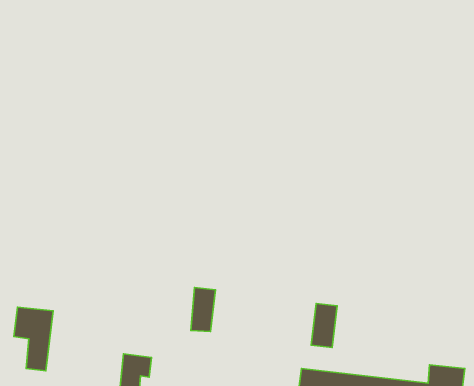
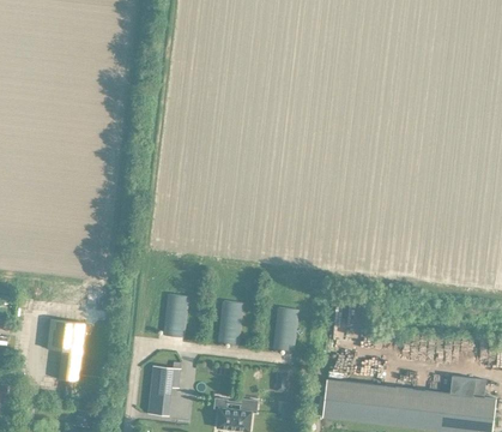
building: none -> [163,294,187,337]
building: [311,303,337,348] -> [272,307,297,350]

